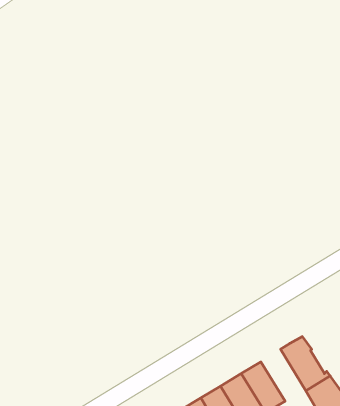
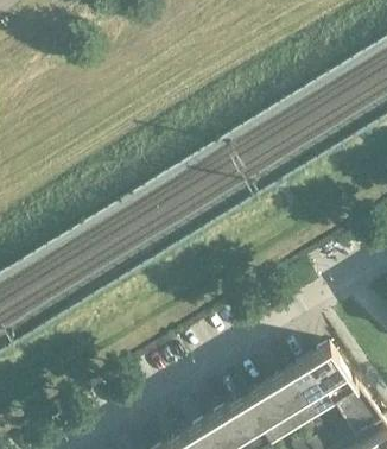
building: none -> [287,366,334,419]

